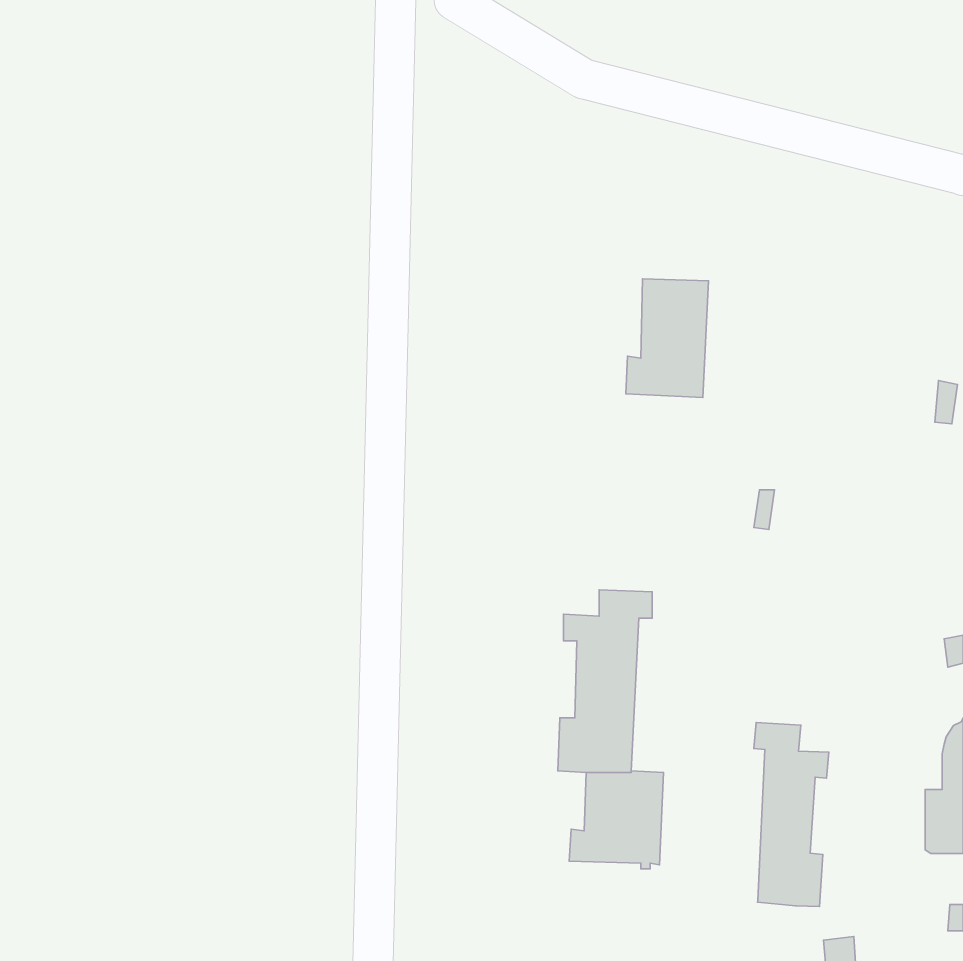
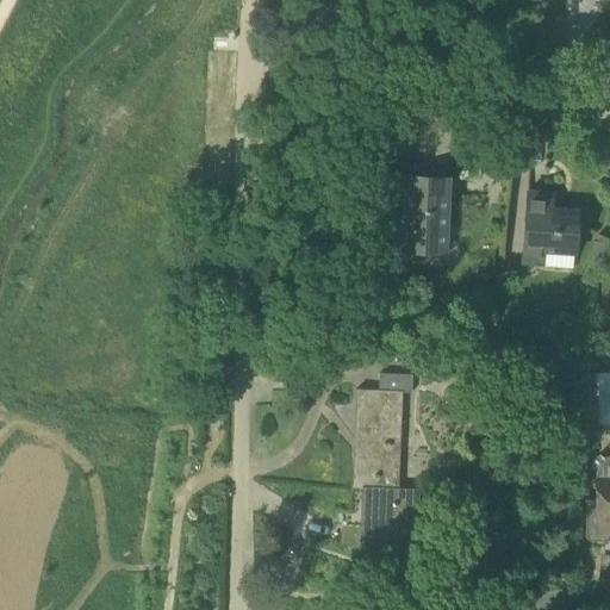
building: none -> [524,192,579,254]
building: [754,723,829,907] -> none

